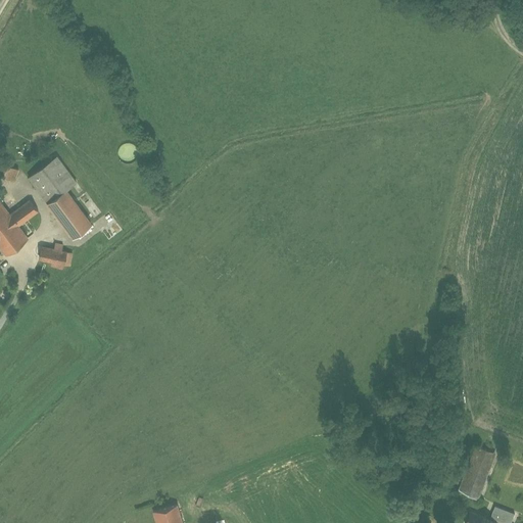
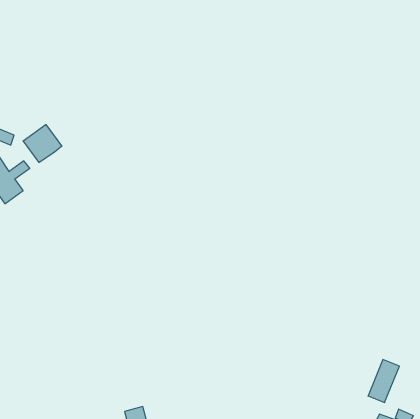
building: [48,191,92,239] -> none
building: [39,244,72,271] -> none

